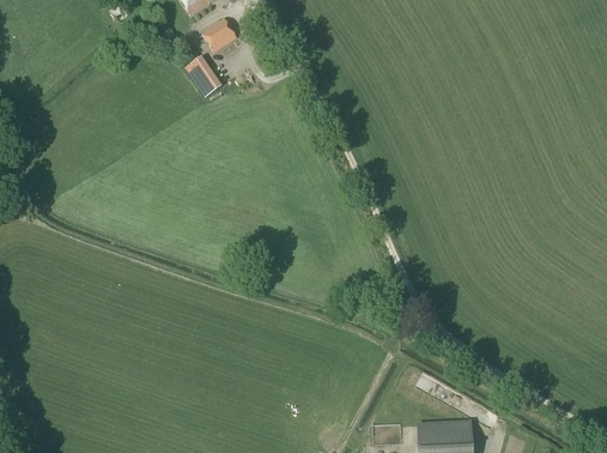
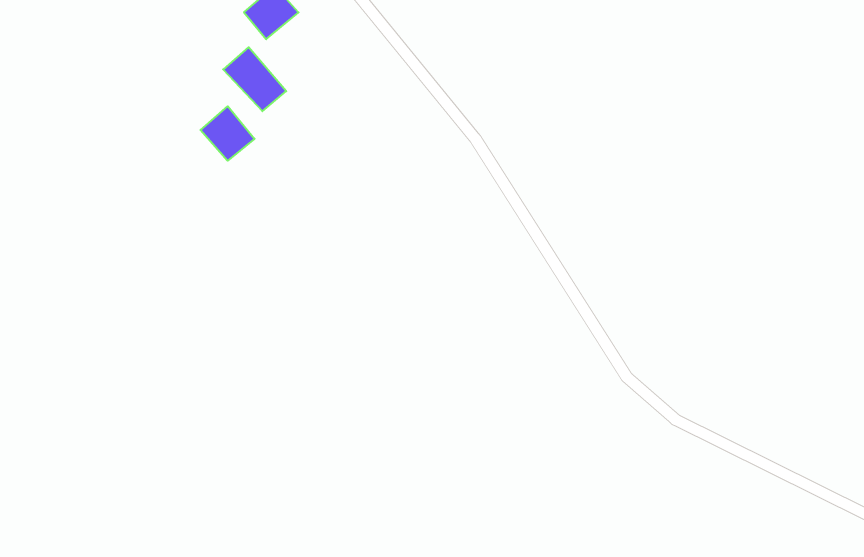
building: none -> [200,106,255,161]

